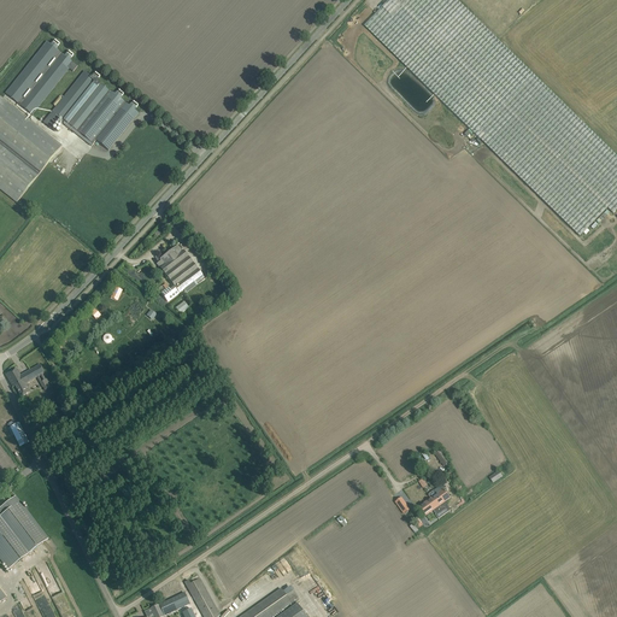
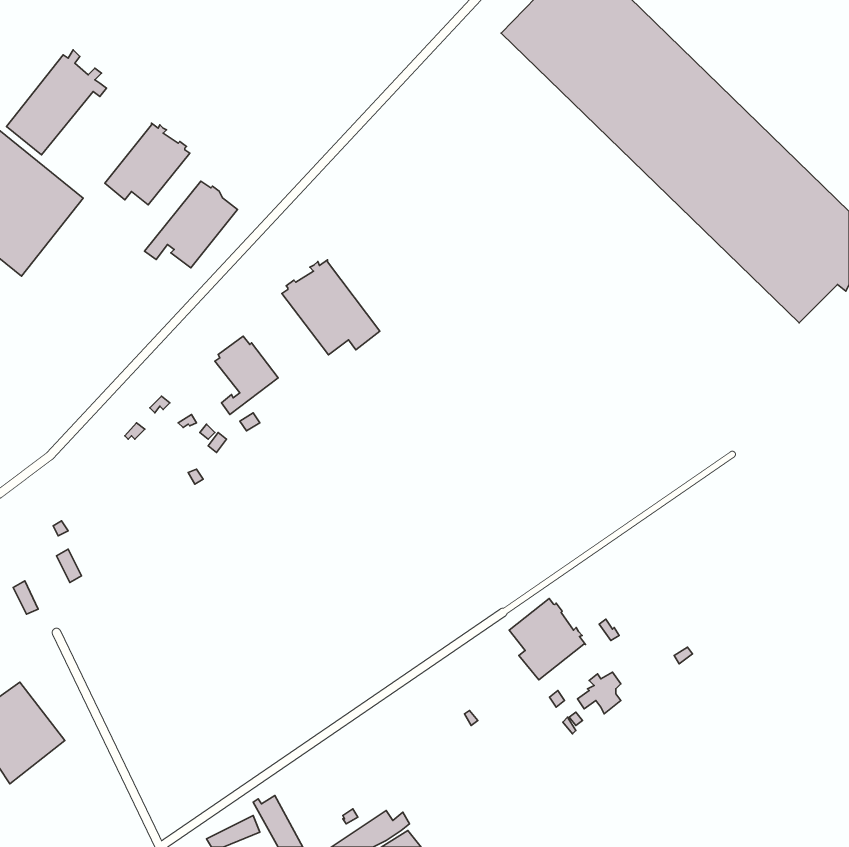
building: [42,70,110,133] -> [144,181,238,268]
building: none -> [282,260,380,355]
building: [5,363,43,395] -> none
building: none -> [509,598,586,680]

